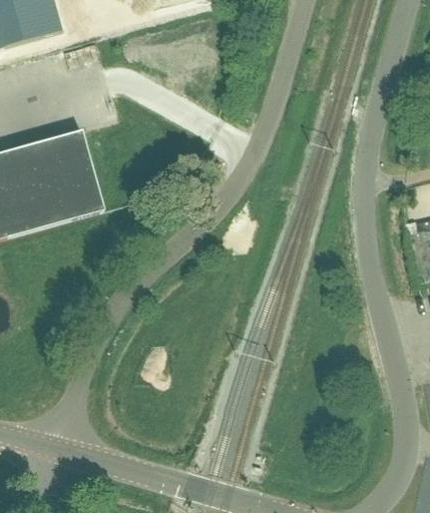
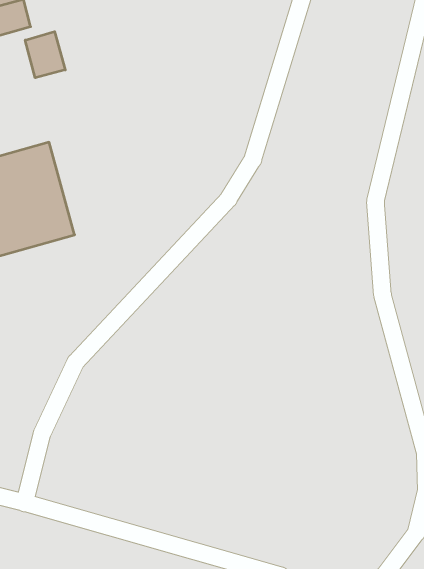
building: none -> [25,32,65,78]

